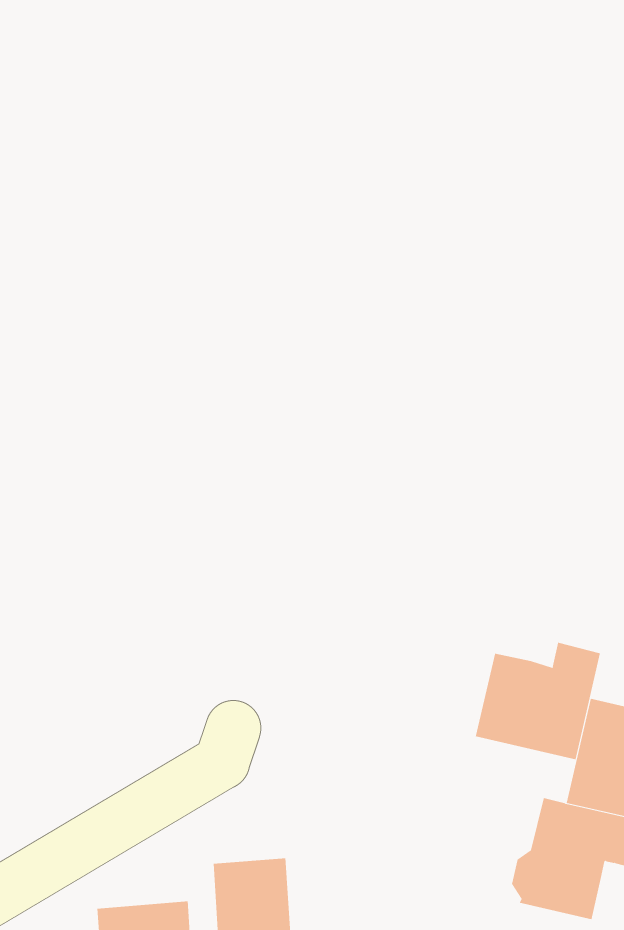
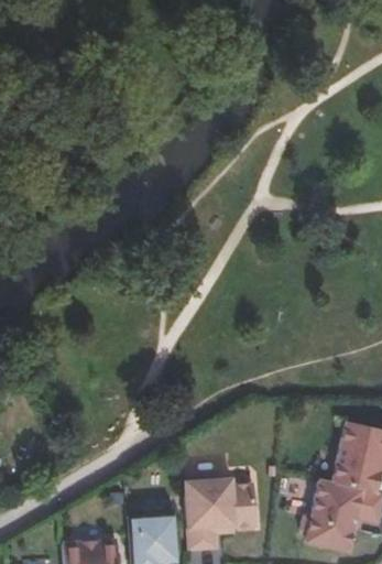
building: [475,642,600,760] -> none
building: none -> [183,477,254,550]

